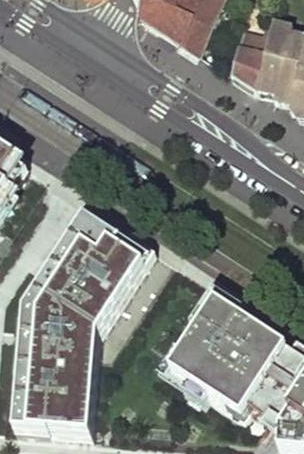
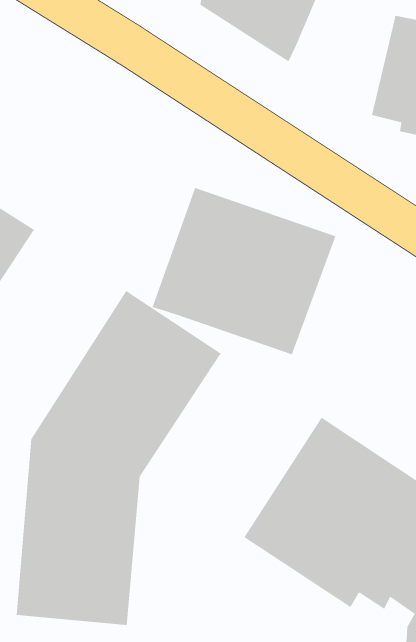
building: [231,17,272,89] -> none
building: none -> [152,187,336,355]

